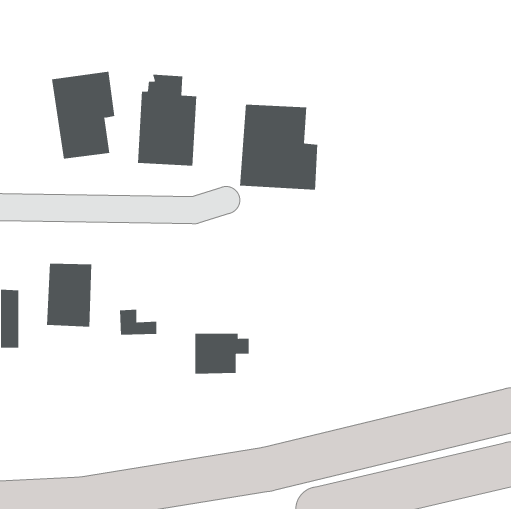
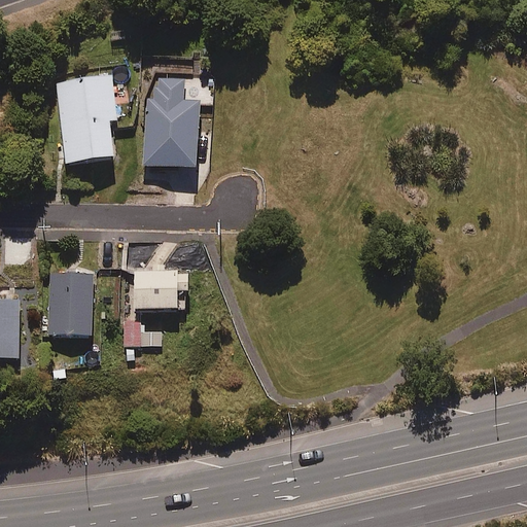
building: [240,104,318,190] -> none
building: [194,333,249,374] -> [133,270,189,312]

